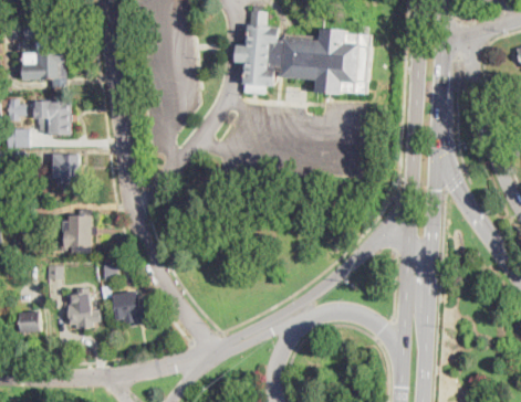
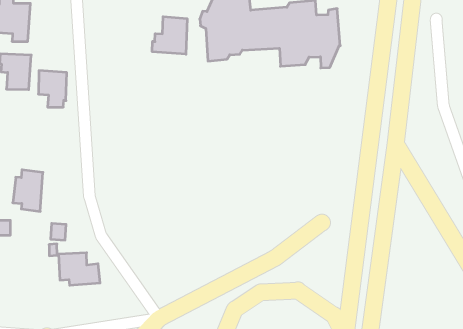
building: none -> [152,17,187,54]
building: [51,155,80,190] -> [38,71,67,107]
building: [66,293,101,329] -> none

